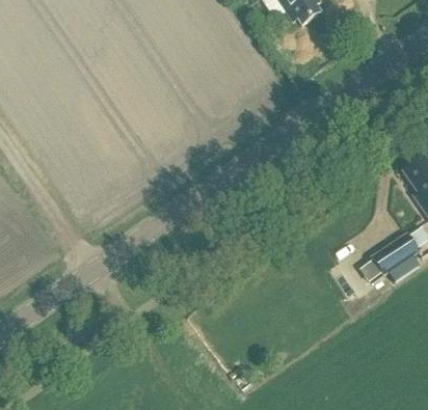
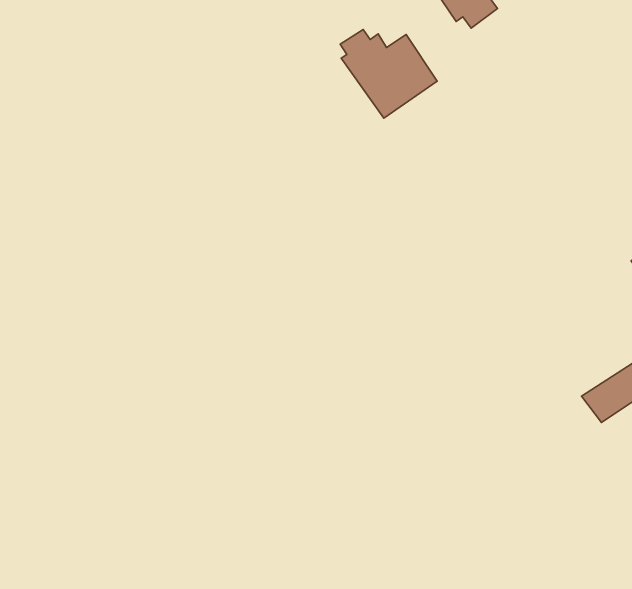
building: none -> [340,29,437,118]

